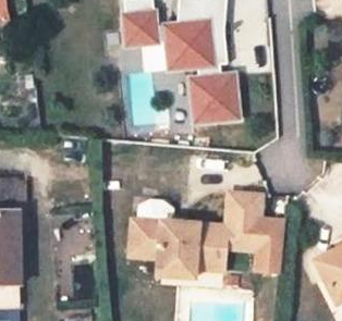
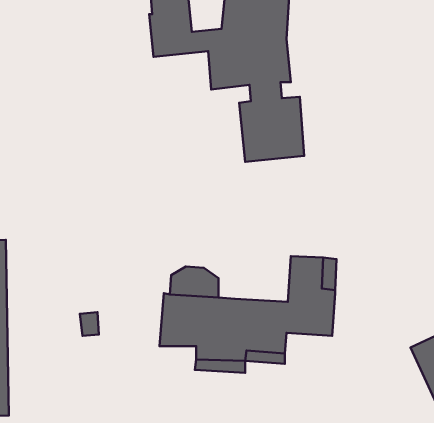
building: [258,220,283,273] -> none

